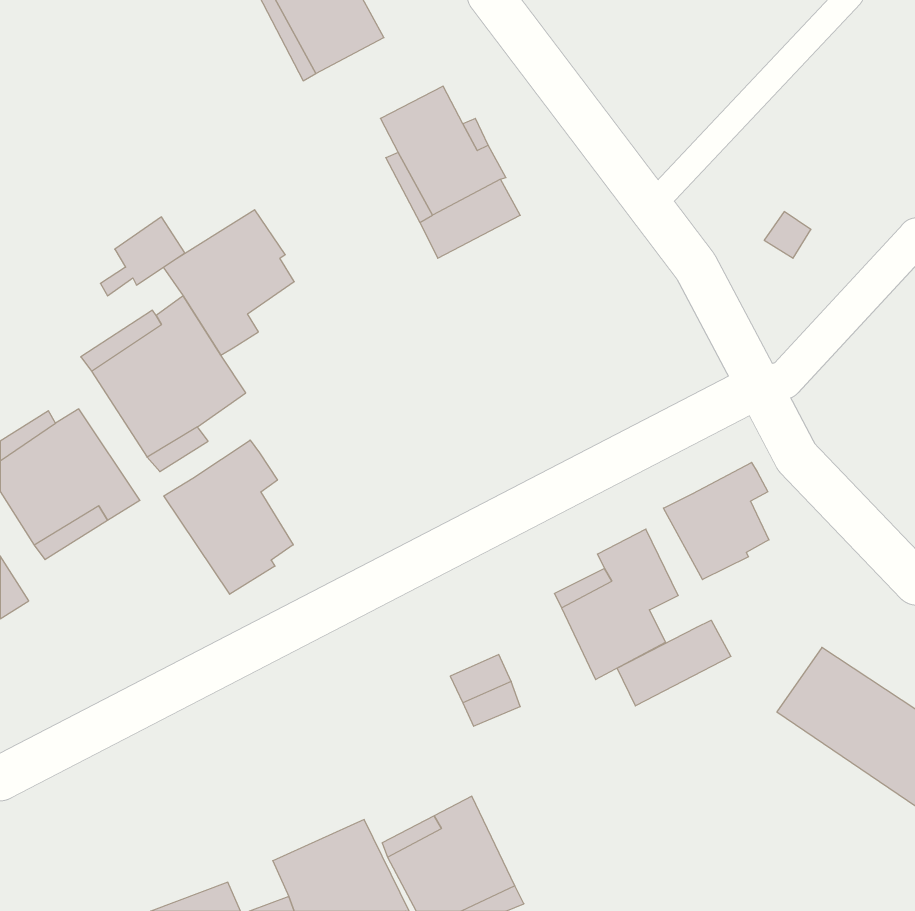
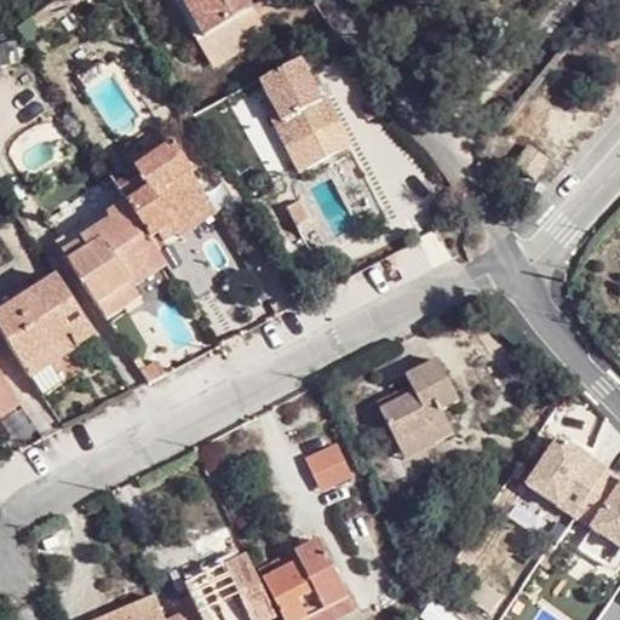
building: [100,217,185,296] -> [159,190,216,243]
building: [164,440,293,594] -> none
building: [663,462,769,580] -> none
building: [617,620,731,706] -> none

